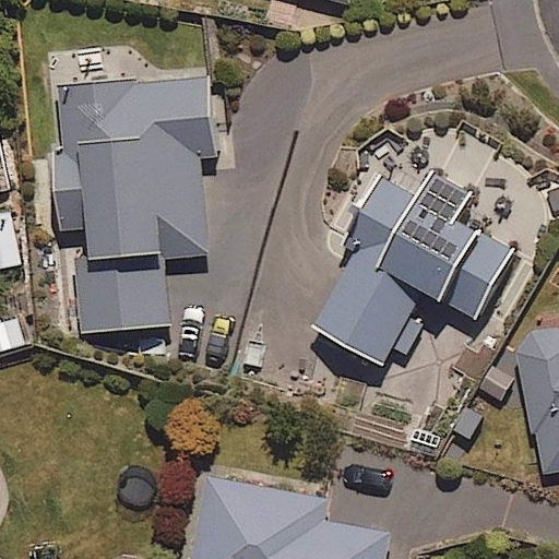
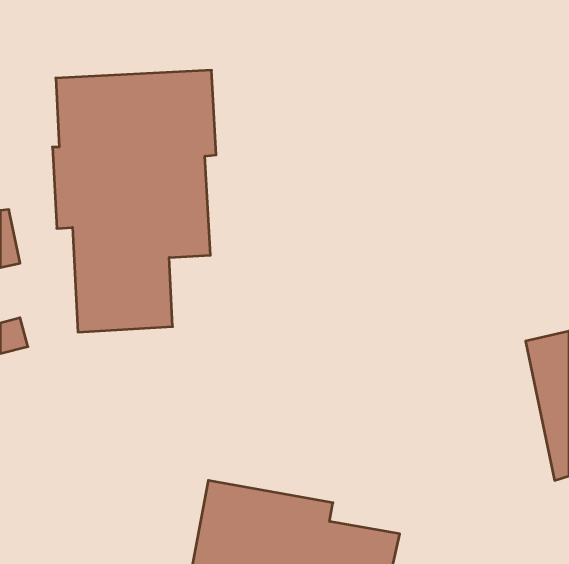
building: [325,155,523,381] -> none

